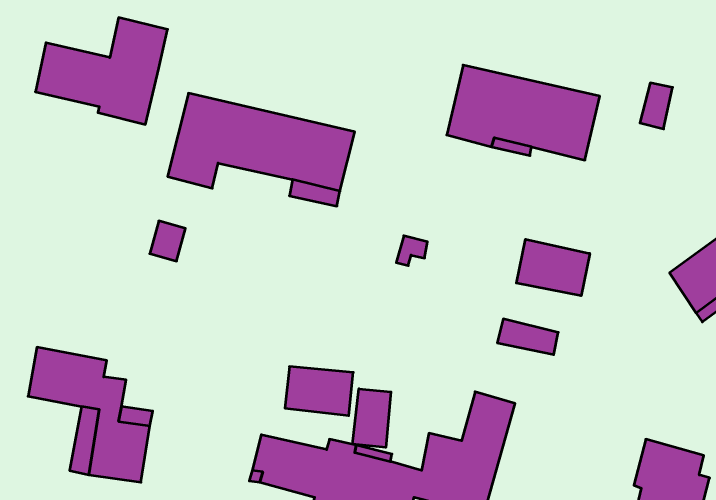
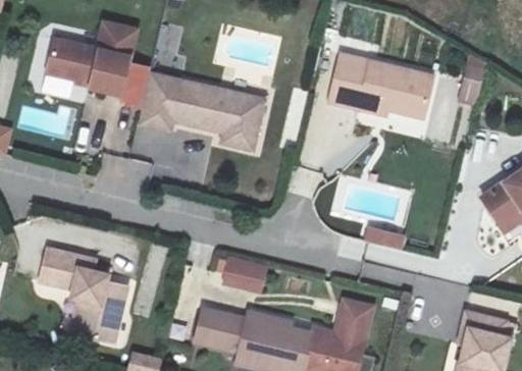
building: none -> [122,55,154,99]
building: [516,239,590,296] -> none
building: [353,389,391,447] -> none

